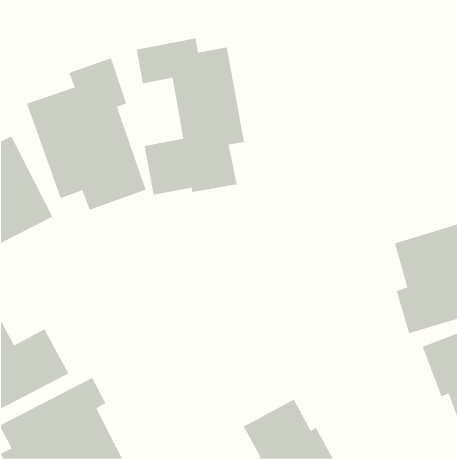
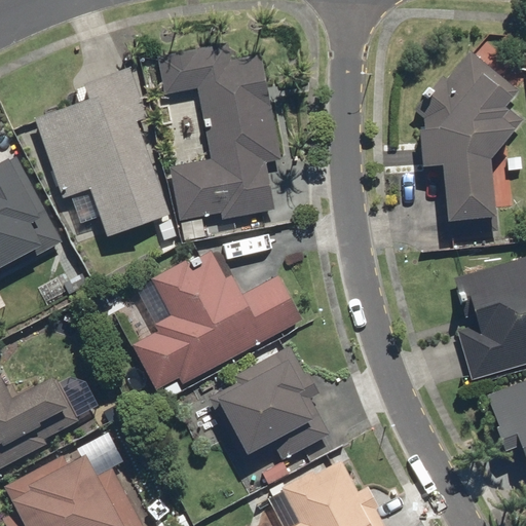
building: none -> [413,51,520,238]
building: none -> [130,251,303,391]
building: none -> [209,345,337,466]

